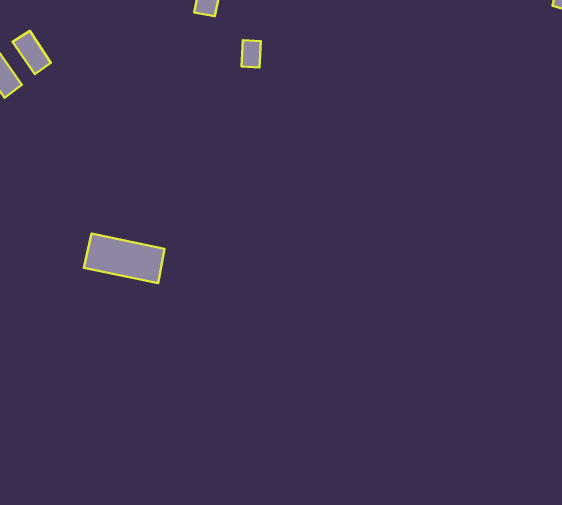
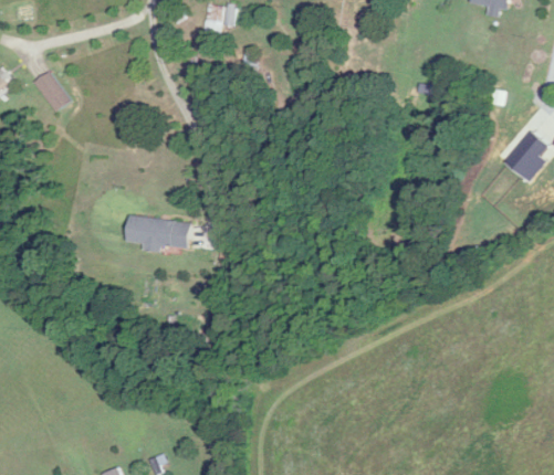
building: [13,31,51,74] -> none

